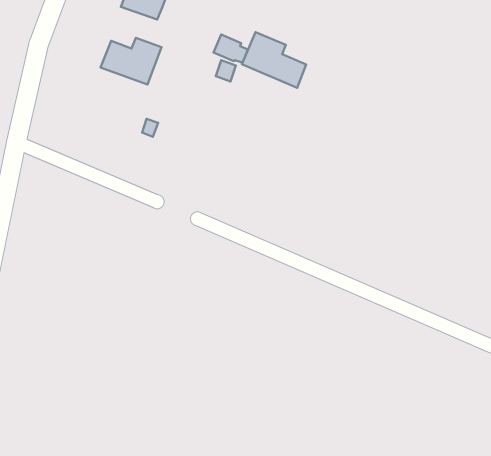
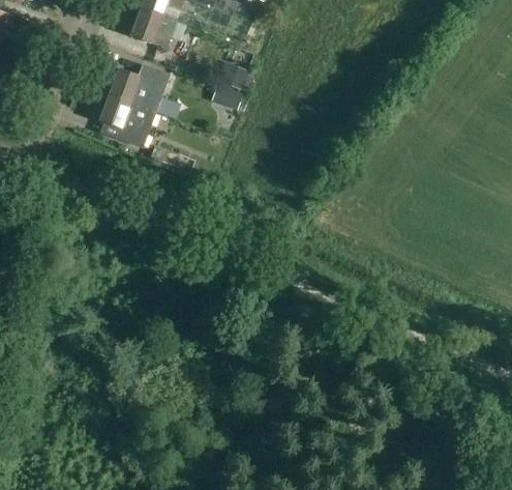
building: [242,32,306,88] -> none
building: none -> [98,94,154,147]

